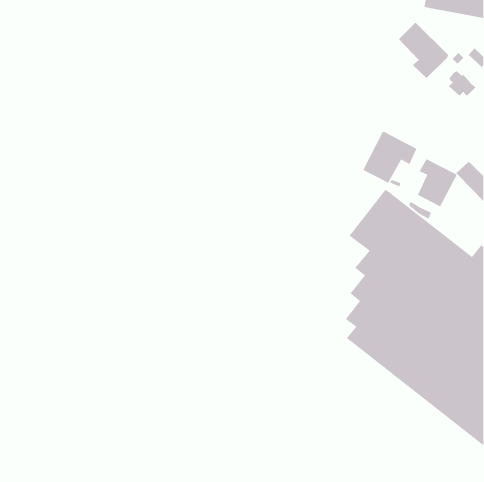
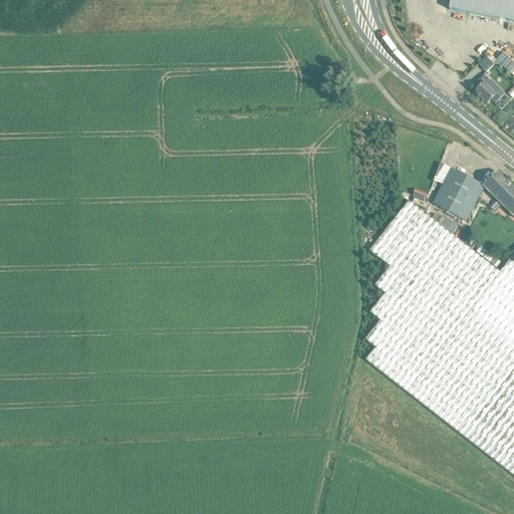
building: [398,22,449,79] -> none
building: [362,131,418,184] -> none

